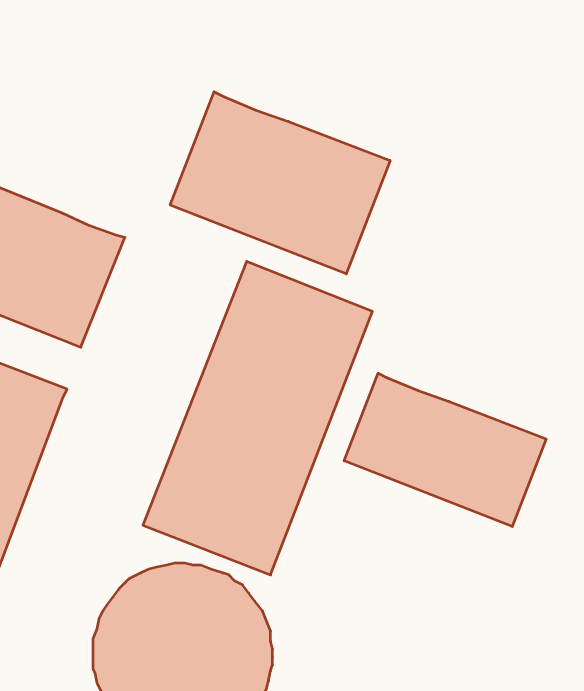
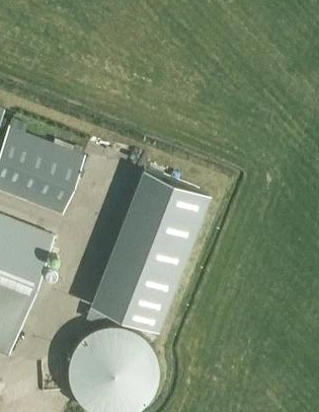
building: [170,92,390,274] -> none
building: [344,373,546,527] -> none

